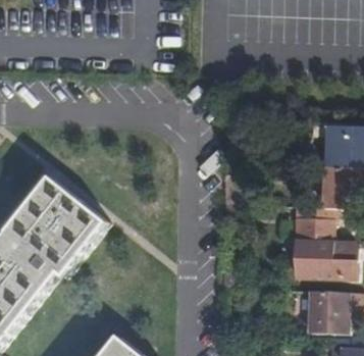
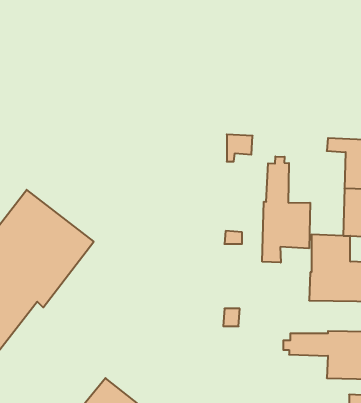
building: none -> [262,156,310,263]

